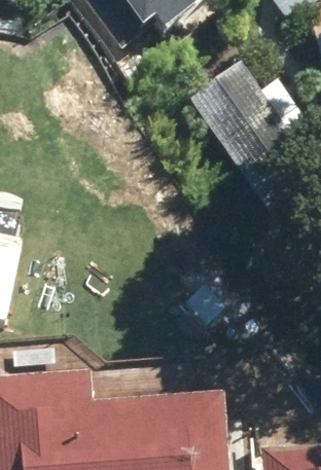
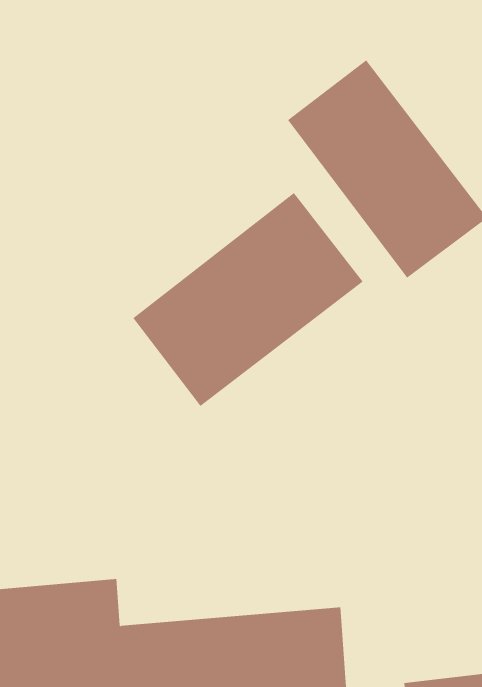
building: none -> [132,192,364,407]

